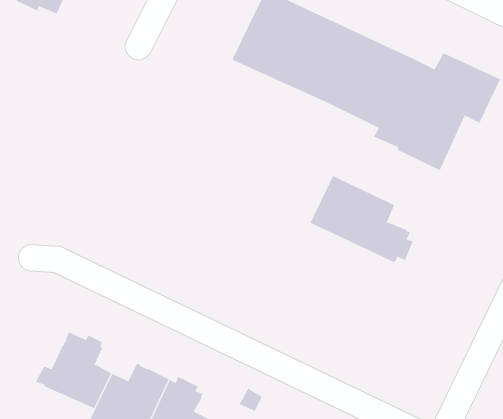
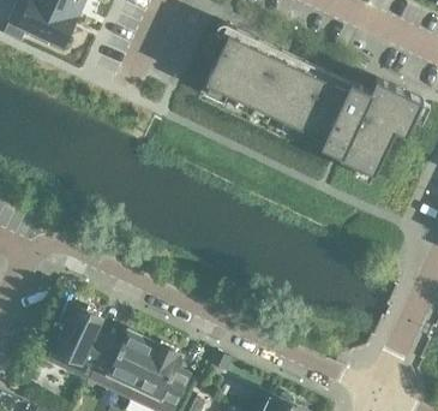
building: [310,175,414,263] -> none

